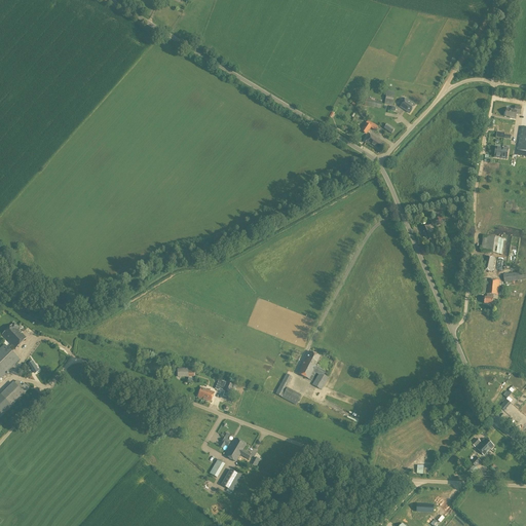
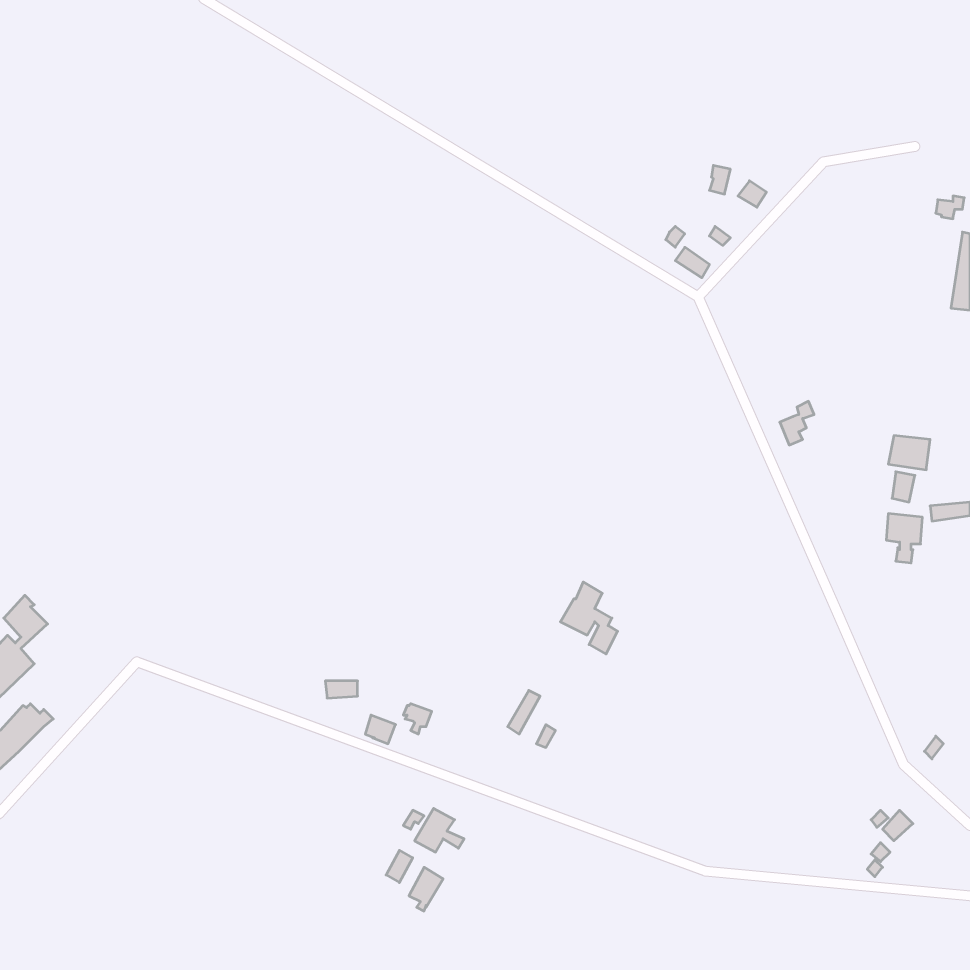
building: [297,350,328,389] -> [560,582,618,654]

